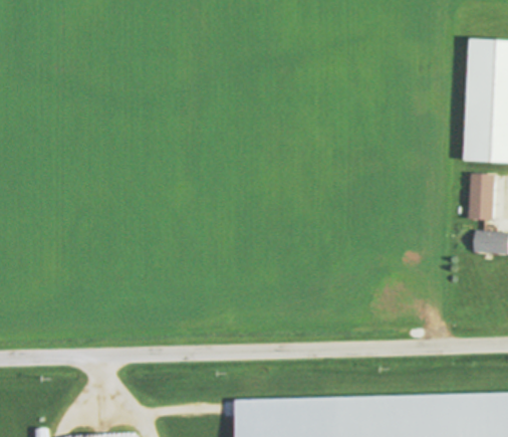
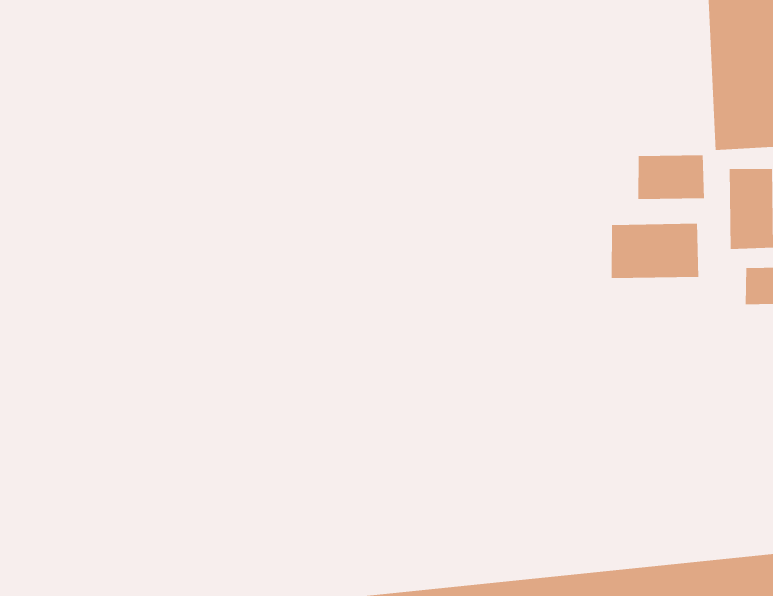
building: none -> [638,154,704,200]
building: none -> [611,223,699,279]

